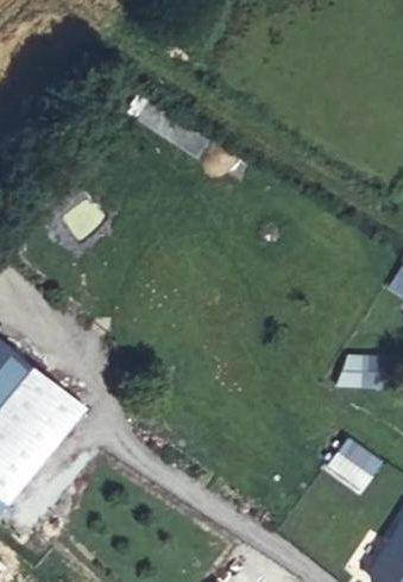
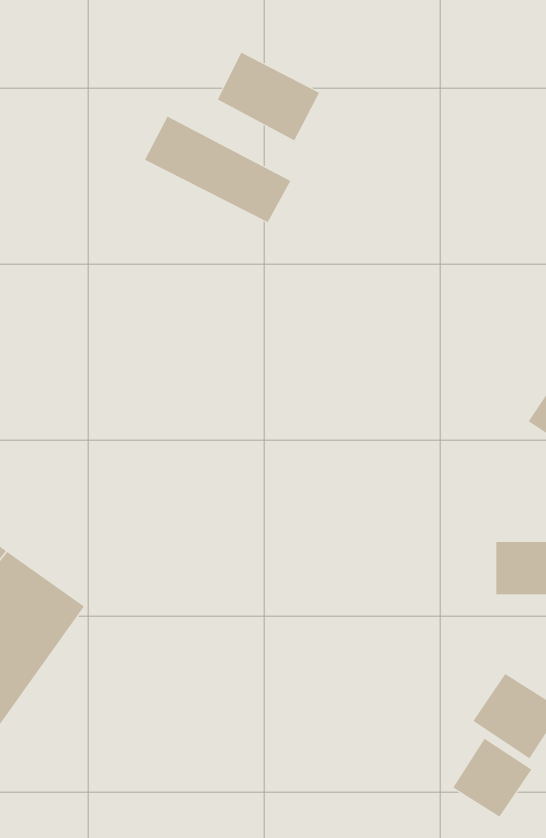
building: none -> [217,52,320,141]
building: none -> [452,738,532,818]

